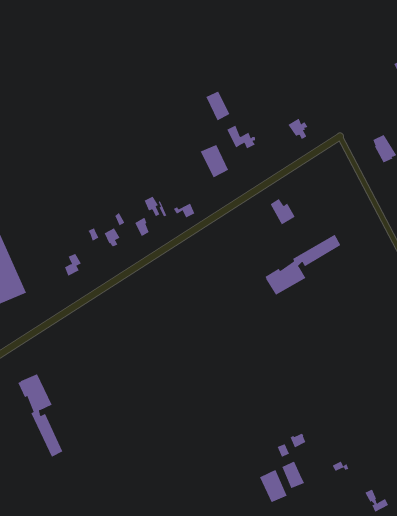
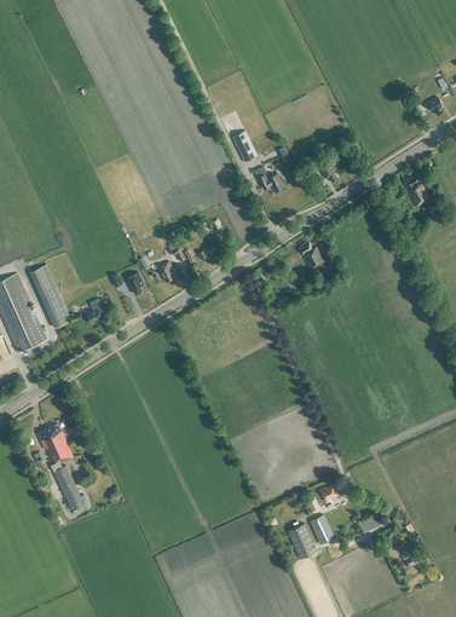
building: [200,144,229,178] -> none
building: none -> [33,261,71,325]
building: [264,234,341,296] -> none

